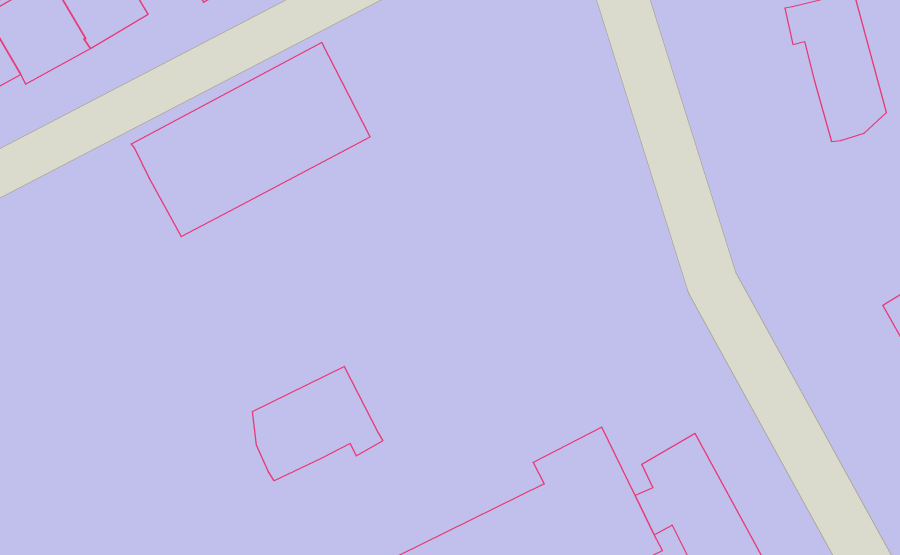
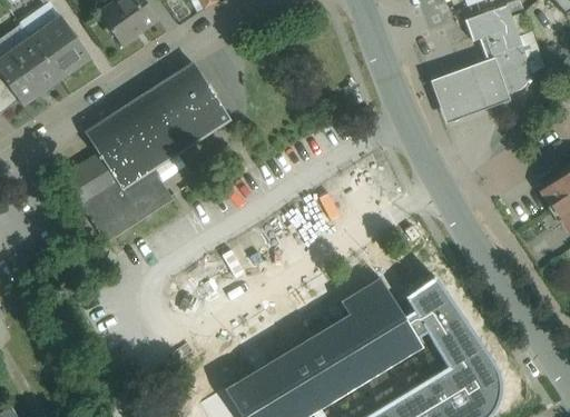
building: none -> [431,60,509,122]
building: none -> [65,152,168,239]
building: [253,366,383,481] -> none

